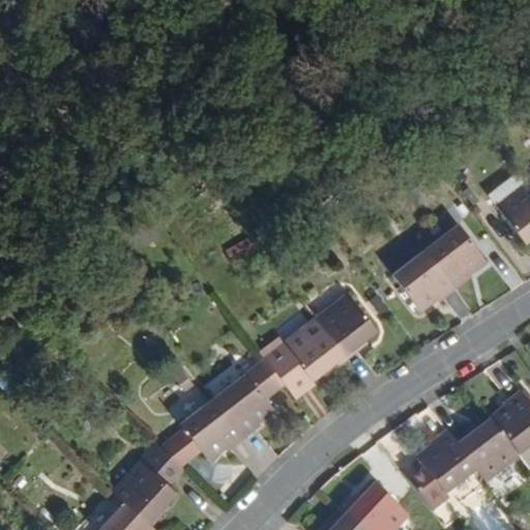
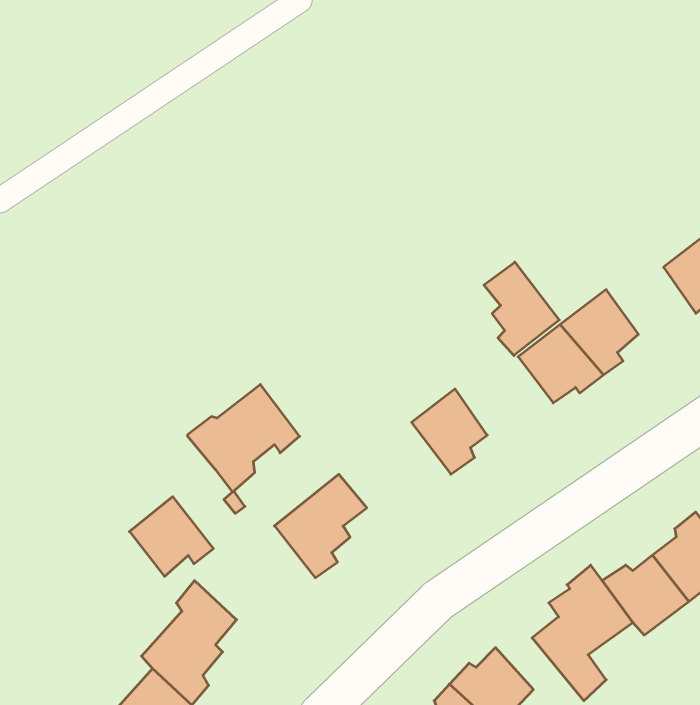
building: none -> [484,262,559,356]
building: [262,320,345,400] -> [188,384,300,492]
building: [182,396,244,455] -> [129,497,213,576]

